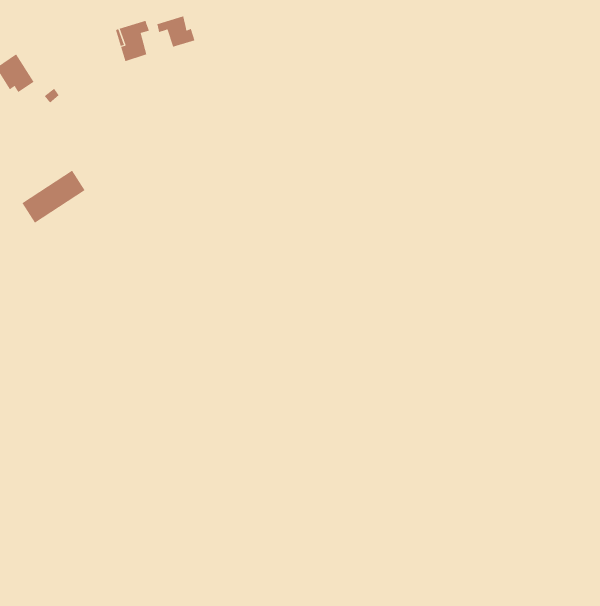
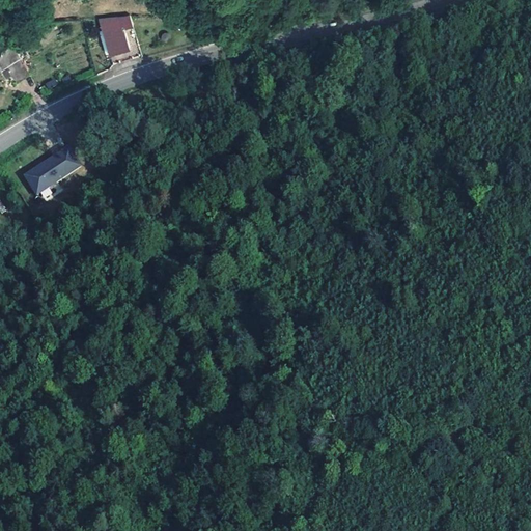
building: [157,16,195,47] -> none

